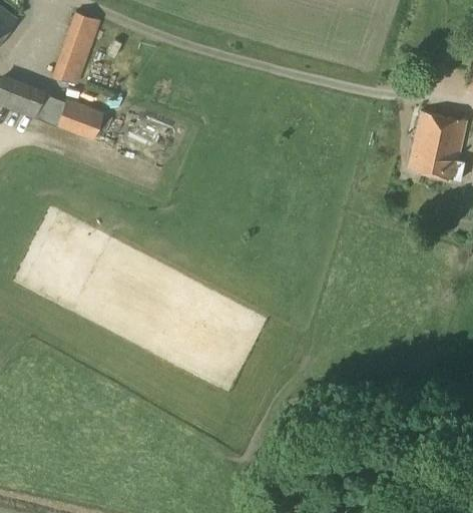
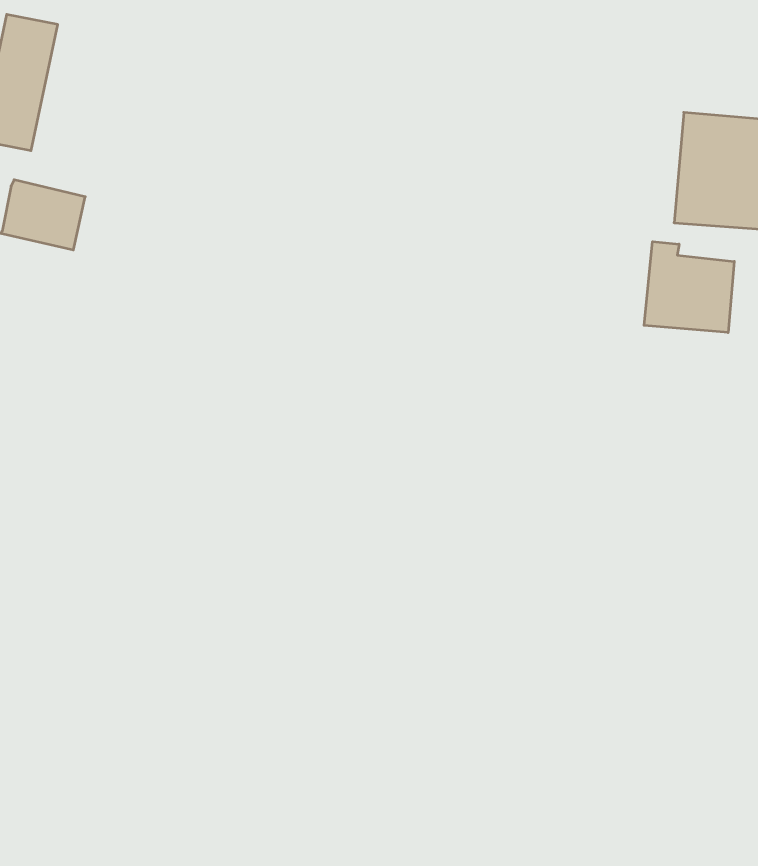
building: none -> [644,242,734,333]

